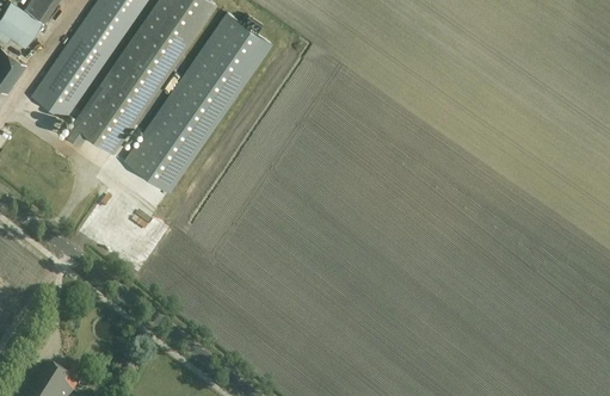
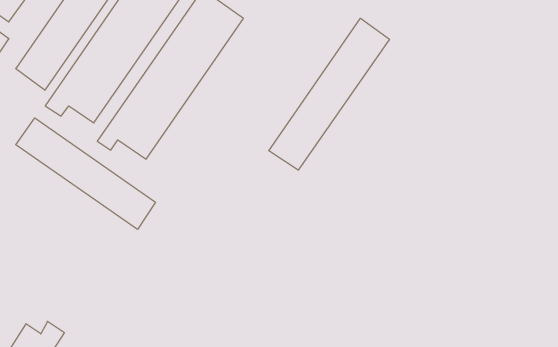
building: none -> [269,18,389,170]
building: none -> [16,118,155,229]

